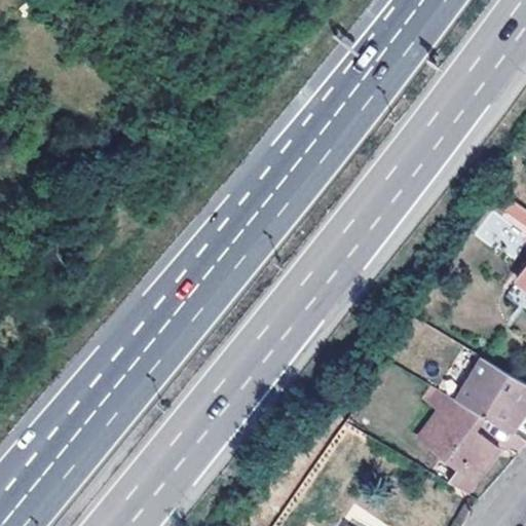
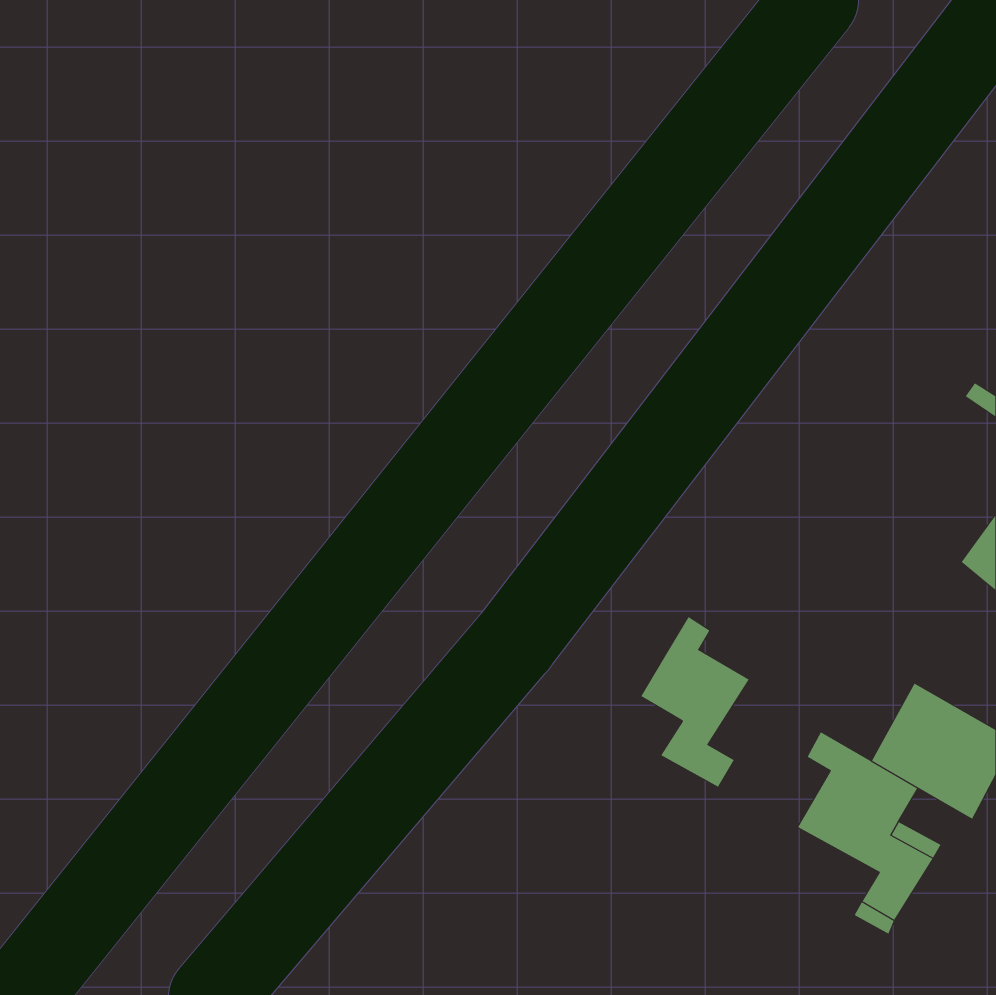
building: none -> [641,616,749,787]

